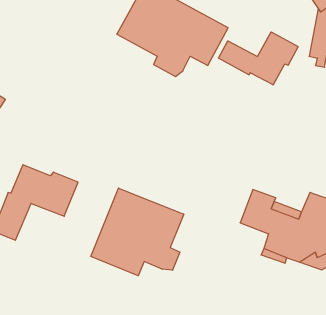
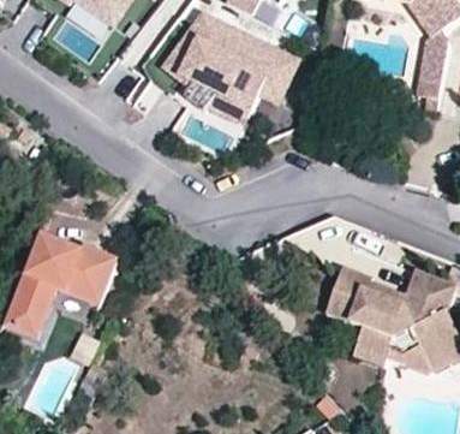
building: [218,32,298,85] -> none
building: [91,188,184,276] -> none

